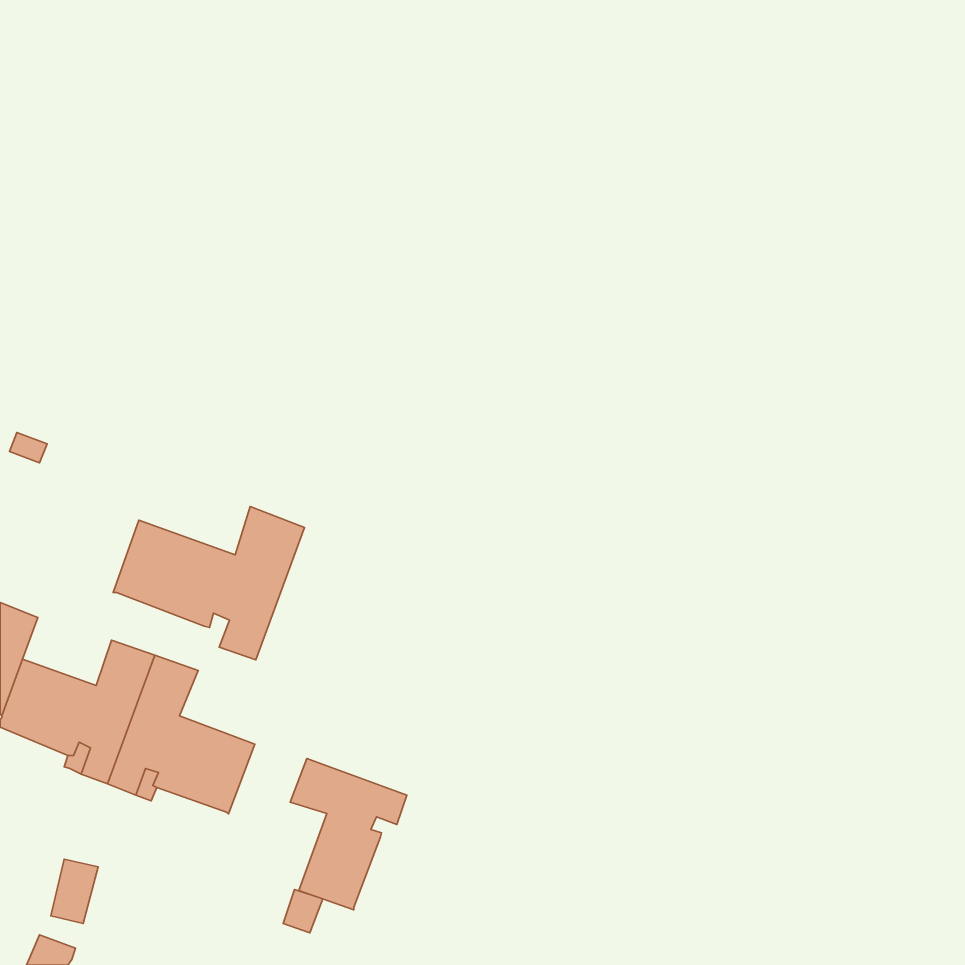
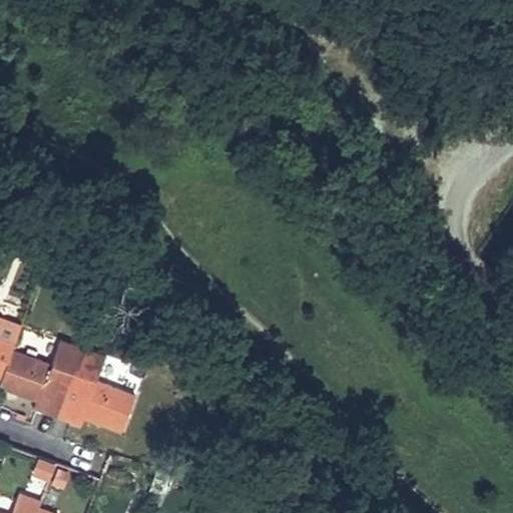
building: [113,507,304,660] -> none
building: [290,759,407,910] -> none

